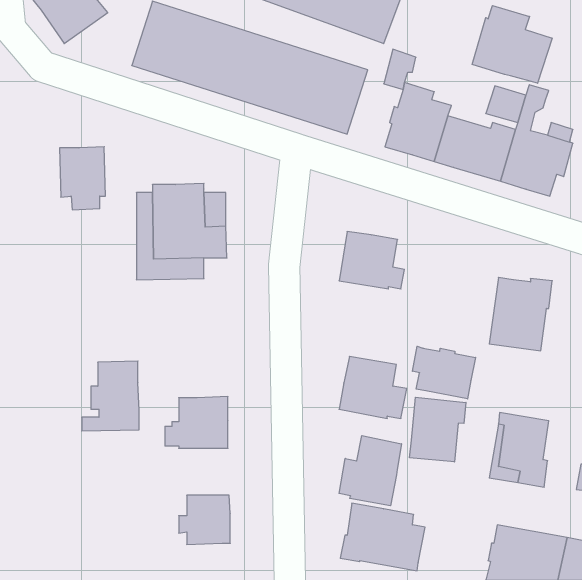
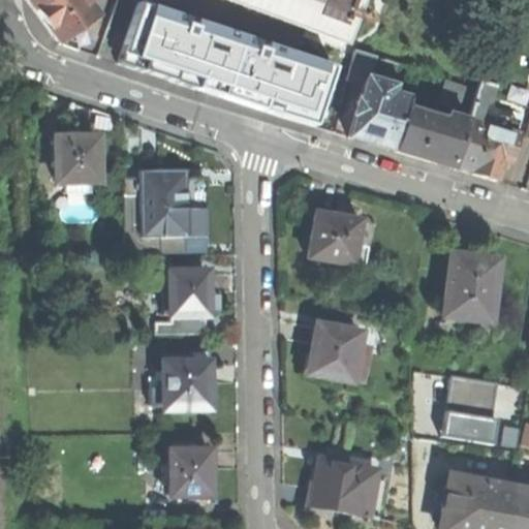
building: [472,6,552,83] -> none
building: [412,346,476,399] -> none
building: [82,361,139,431] -> [156,268,208,331]
building: [410,397,466,462] -> none
building: [339,436,401,506] -> none

